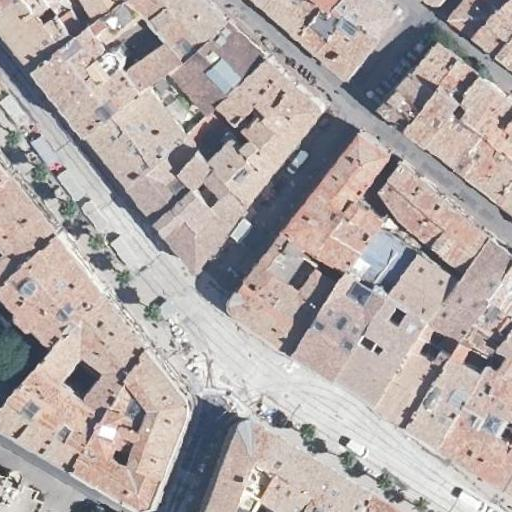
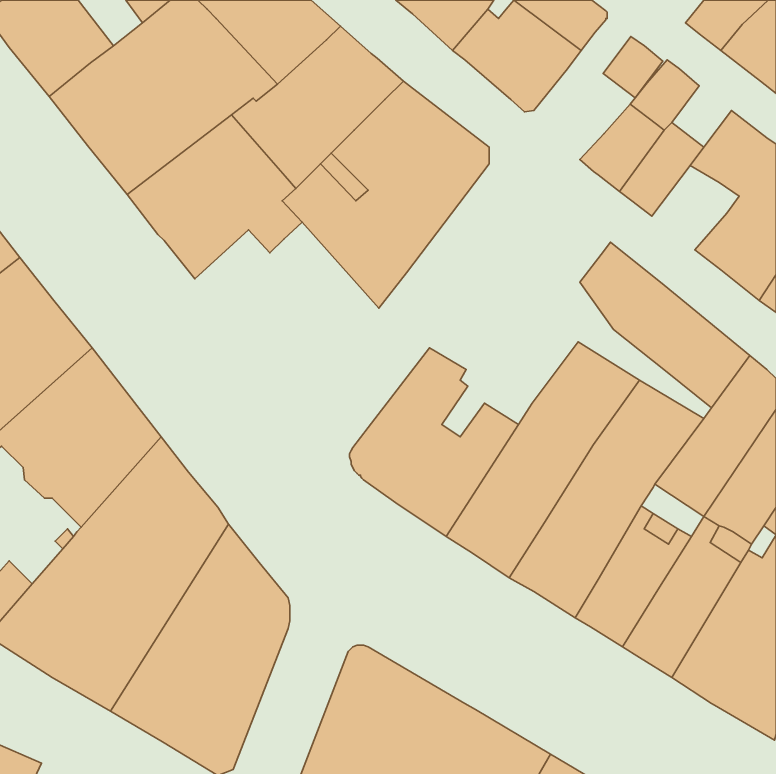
building: [438,62,477,102] -> [603,37,663,98]
building: [425,114,482,169] -> none
building: [280,134,387,272] -> none
building: [127,151,247,274] -> none

